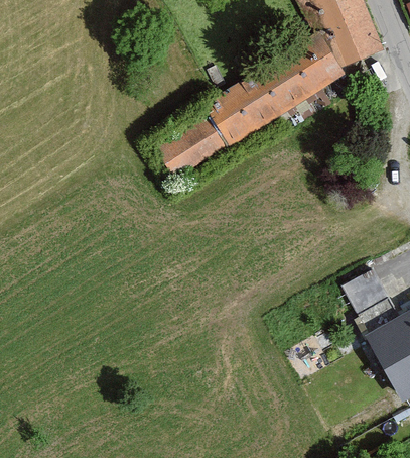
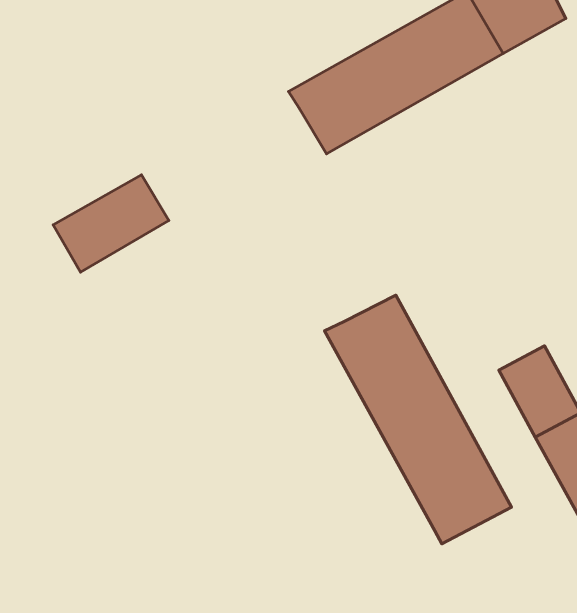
building: [152,114,229,179] -> [53,175,169,272]
building: none -> [325,295,511,544]

